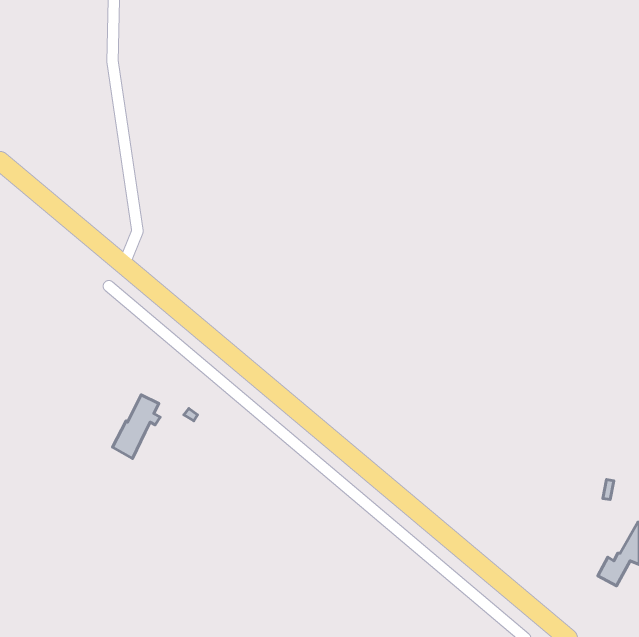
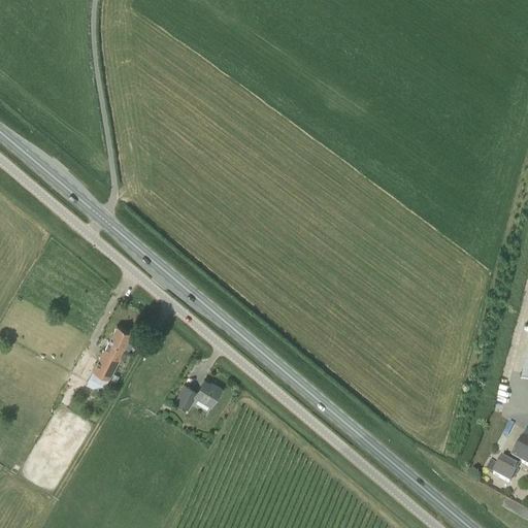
building: none -> [174,382,222,410]

